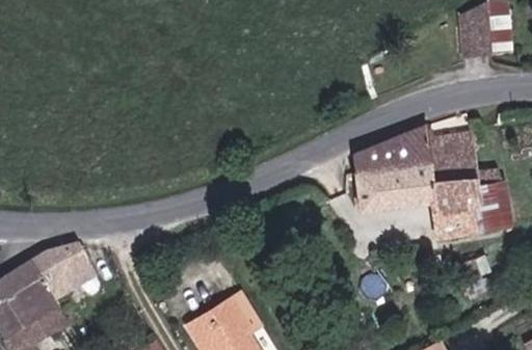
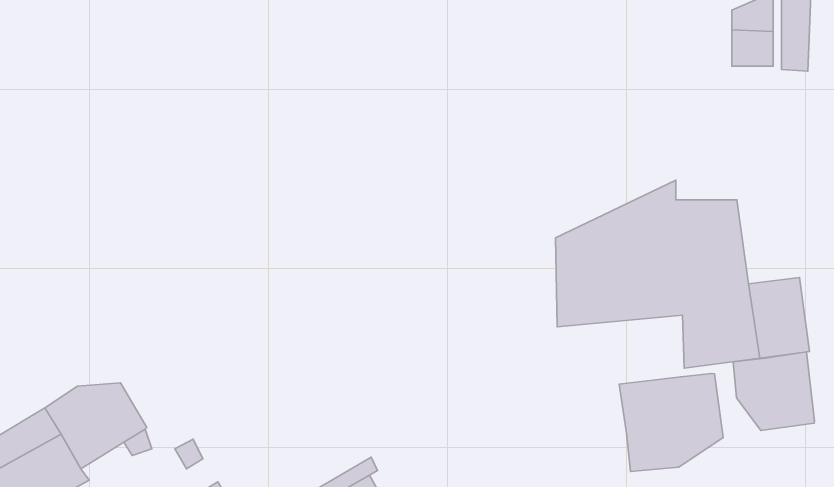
building: none -> [733,352,814,430]
building: none -> [619,373,723,472]

